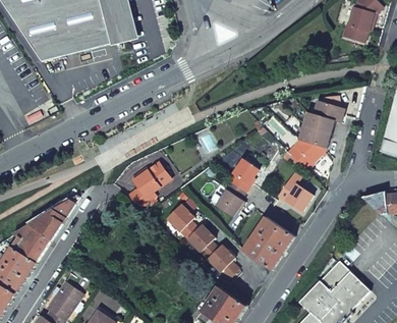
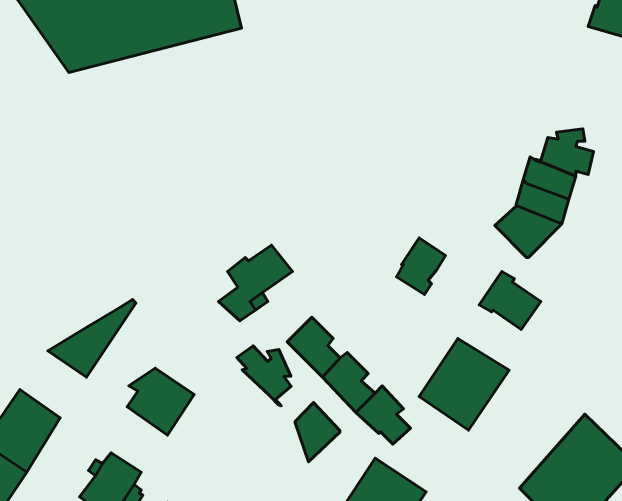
building: [217,180,246,215] -> none
building: none -> [237,346,291,406]
building: [12,223,51,262] -> [127,368,194,435]
building: none -> [295,403,340,462]

